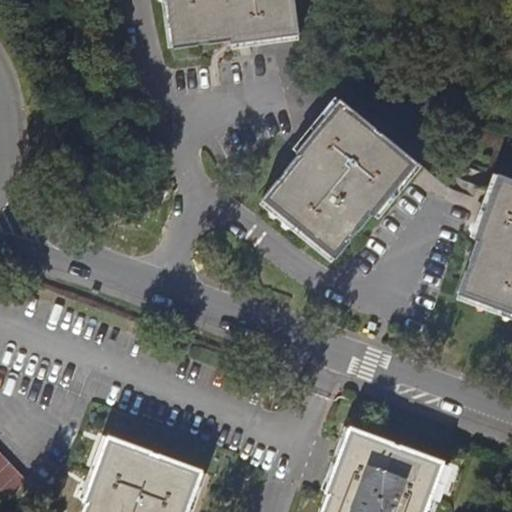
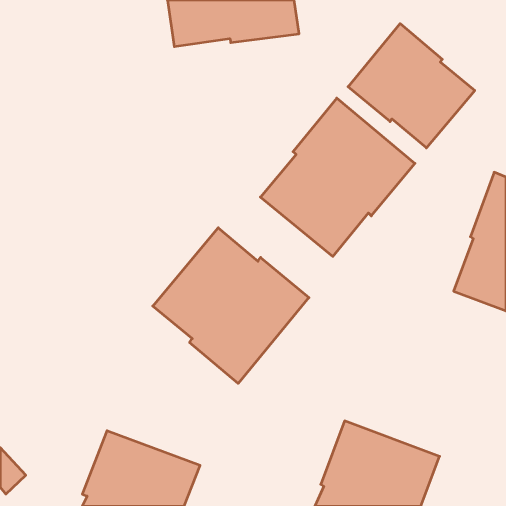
building: none -> [348,24,475,148]
building: none -> [153,228,309,383]

